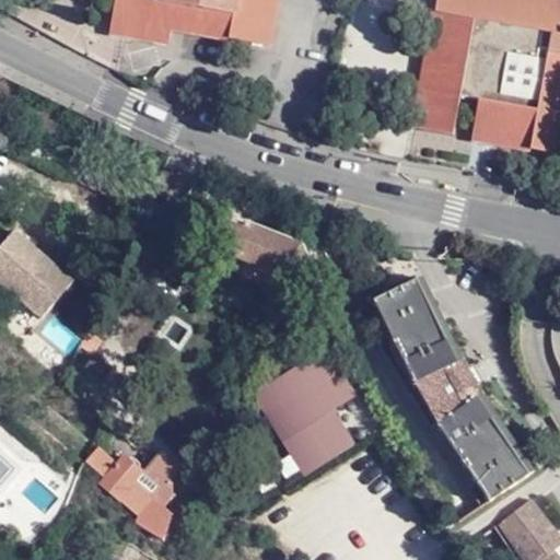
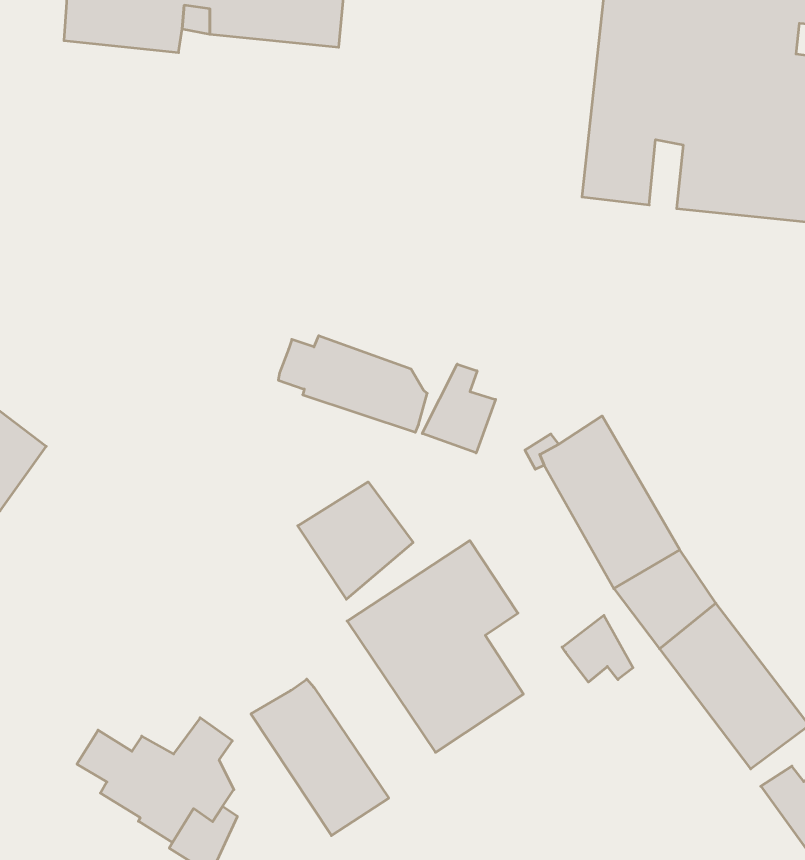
building: none -> [422,364,496,453]
building: none -> [298,482,413,599]
building: none -> [562,615,633,682]
building: none -> [251,679,389,836]

